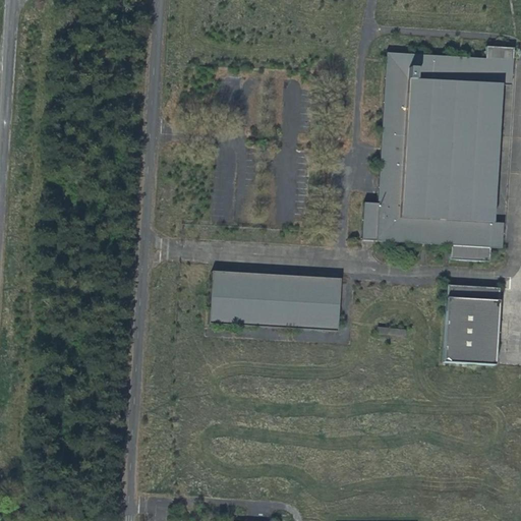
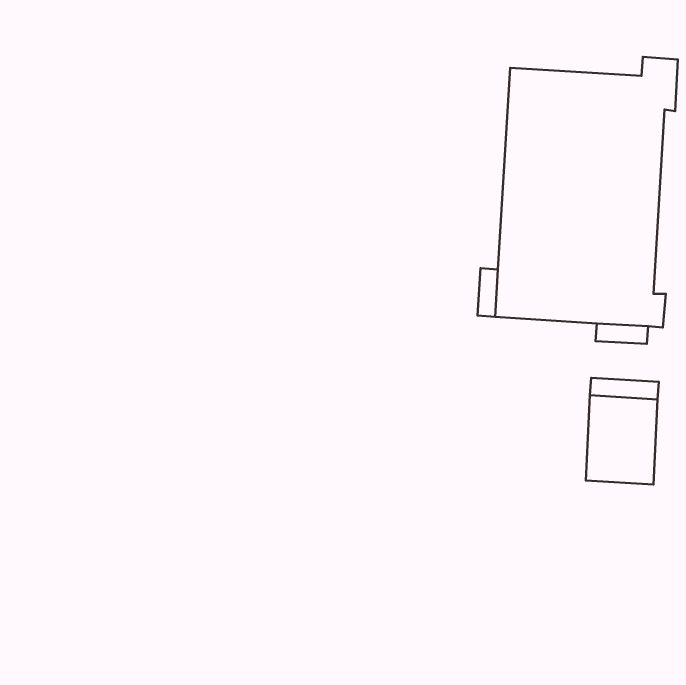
building: [211,271,340,330] -> none

